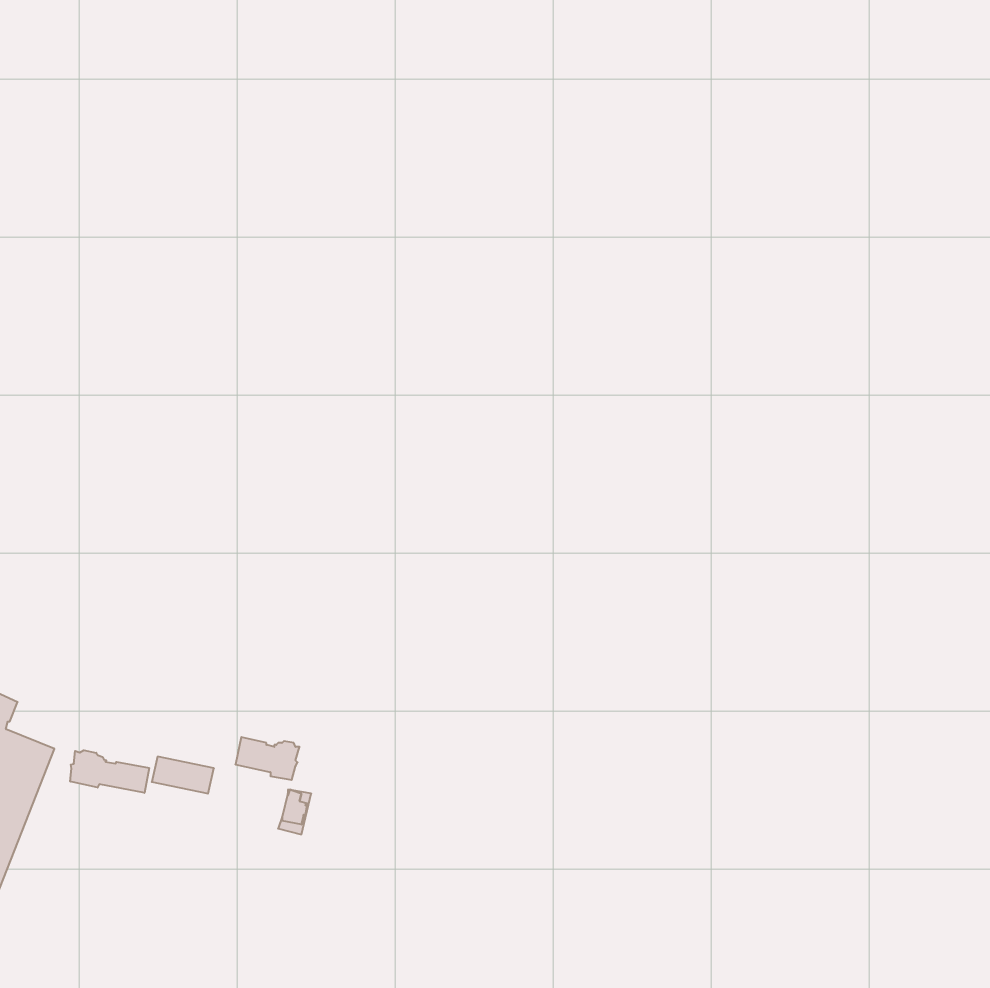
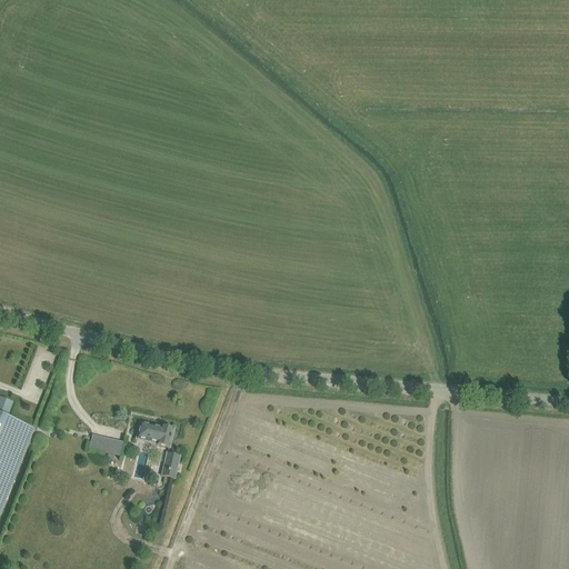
building: [70,750,149,793] -> none

